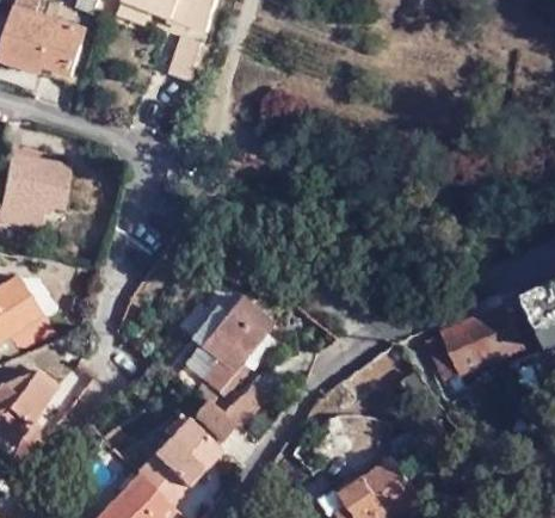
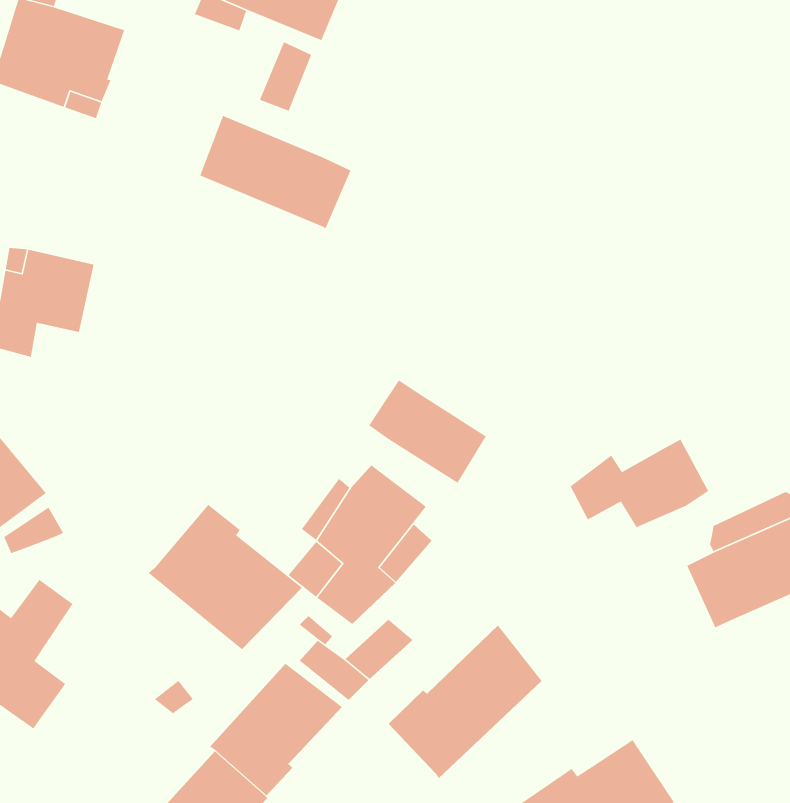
building: none -> [199,115,352,229]
building: none -> [368,379,487,484]
building: none -> [569,438,709,528]
building: none -> [148,504,303,650]
building: none -> [388,624,542,779]

